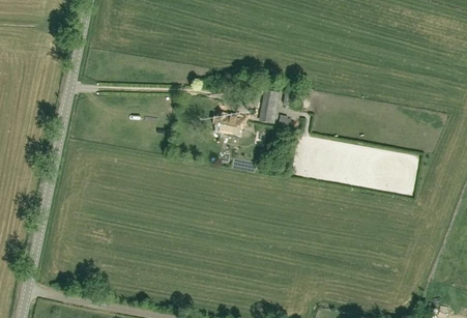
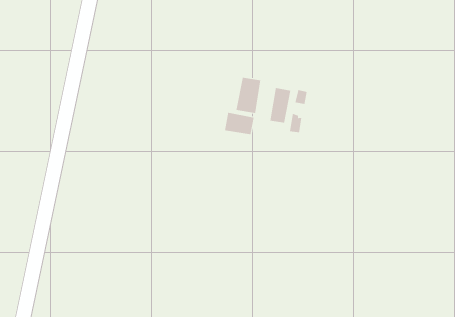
building: none -> [236,77,261,114]

